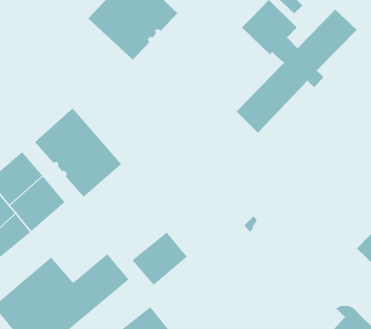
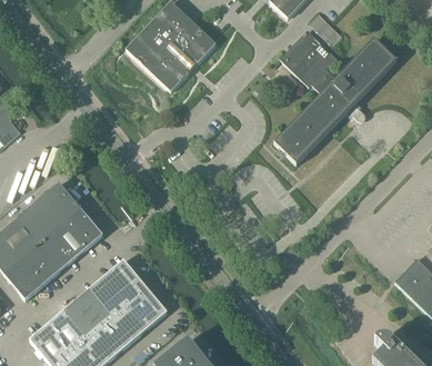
building: [34,108,122,198] -> none
building: [131,232,188,286] -> [88,259,144,314]

